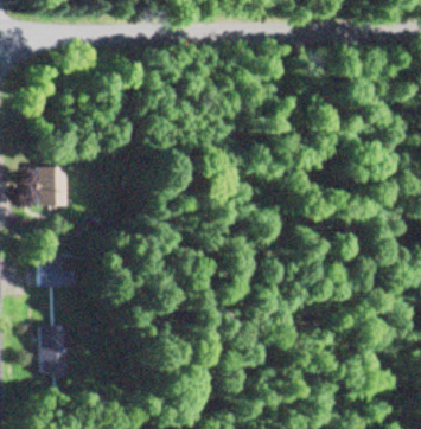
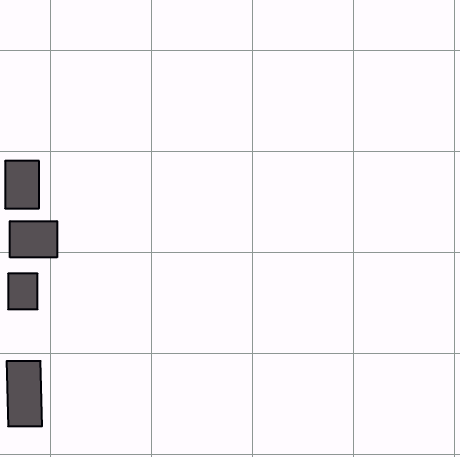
building: none -> [10,221,57,257]

